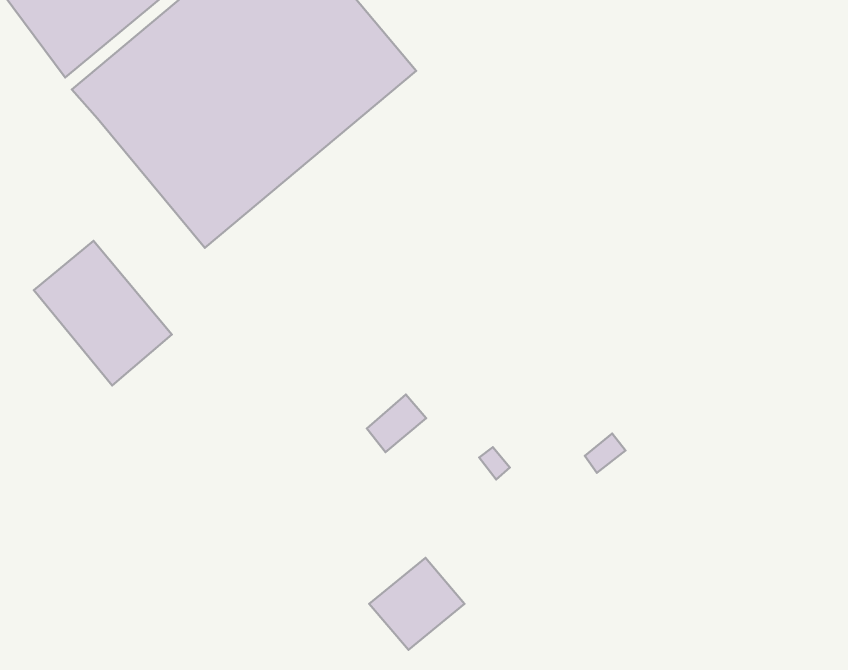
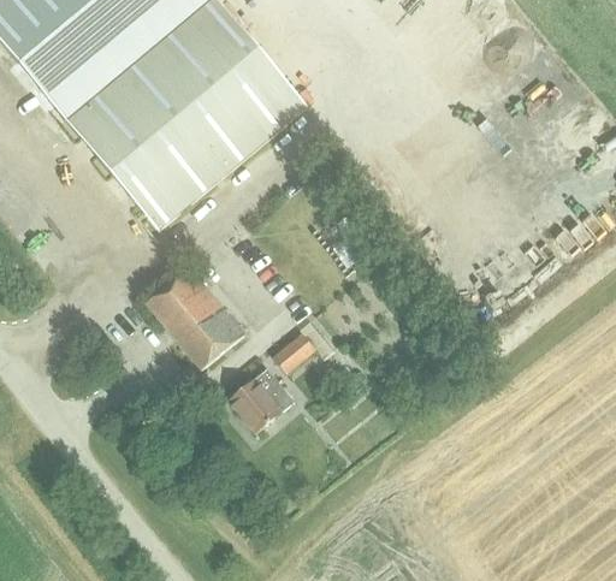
building: [34,241,172,386] -> [146,268,243,370]
building: [369,558,465,650] -> [226,369,294,434]

